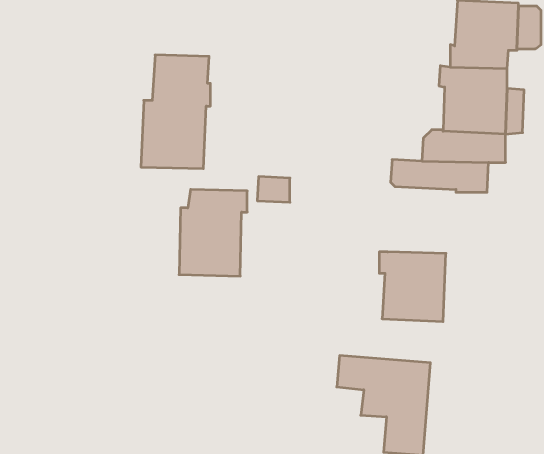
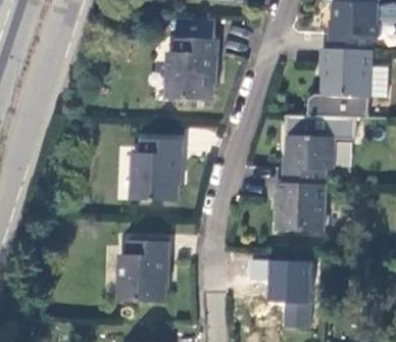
building: [141,55,210,169] -> [167,17,217,99]
building: none -> [283,136,332,184]
building: none -> [118,241,168,301]

